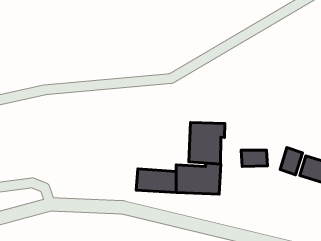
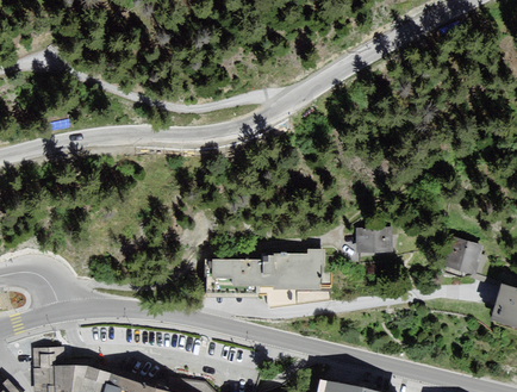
building: [189,122,225,164] -> none
building: [280,148,302,175] -> none

